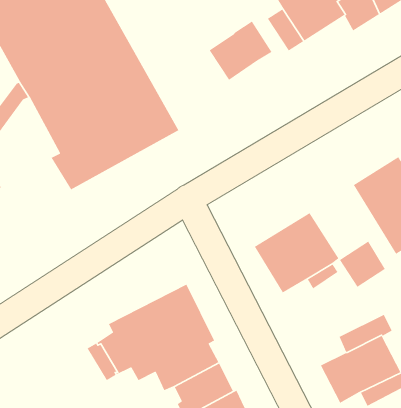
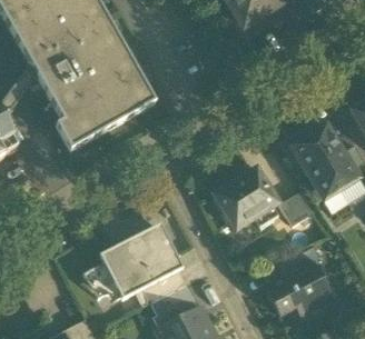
building: [209,20,273,81] -> none

